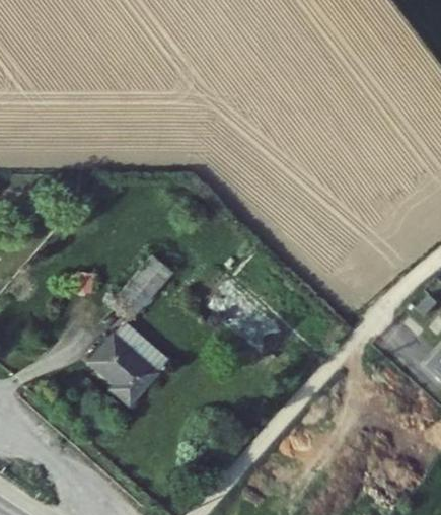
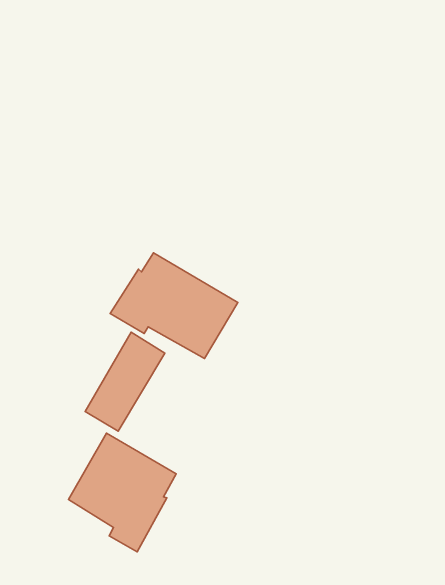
building: none -> [110,253,238,358]

